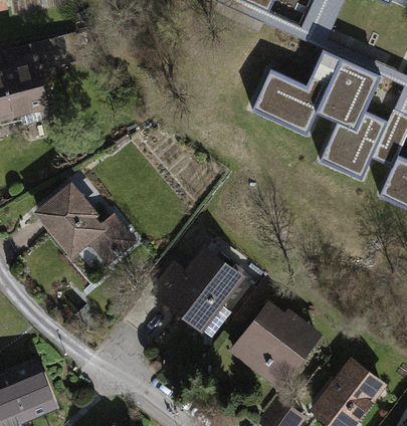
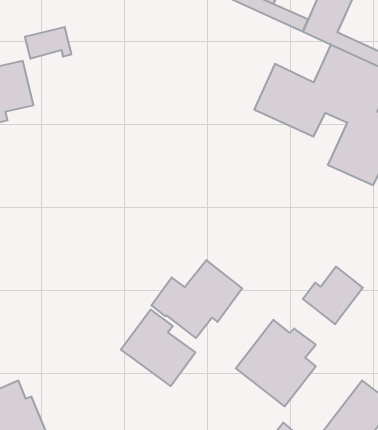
building: [40,186,134,260] -> none
building: none -> [303,267,363,324]
building: none -> [121,310,195,386]

